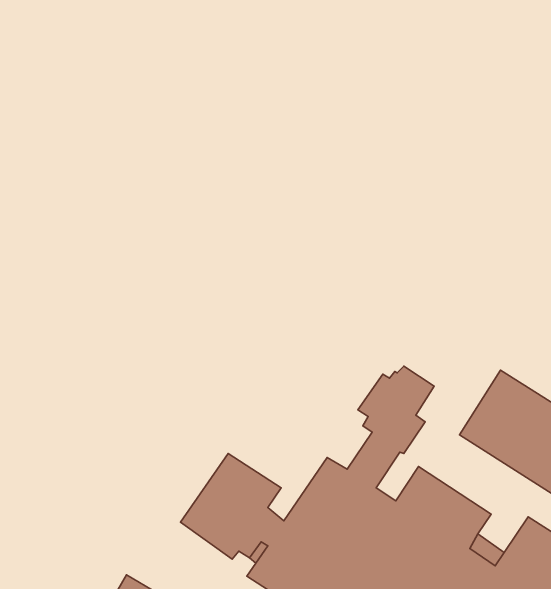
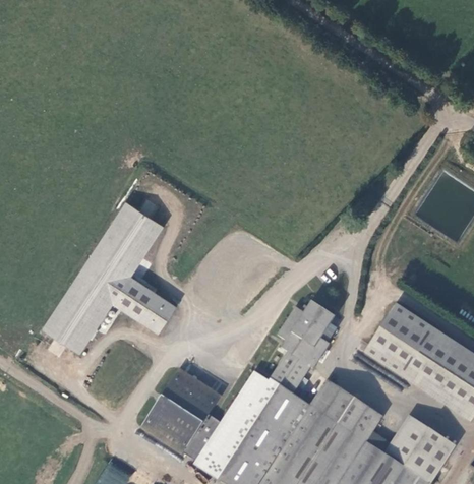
building: none -> [38,203,177,358]

